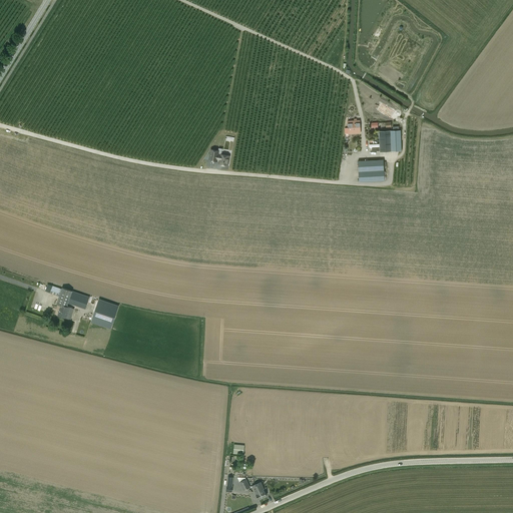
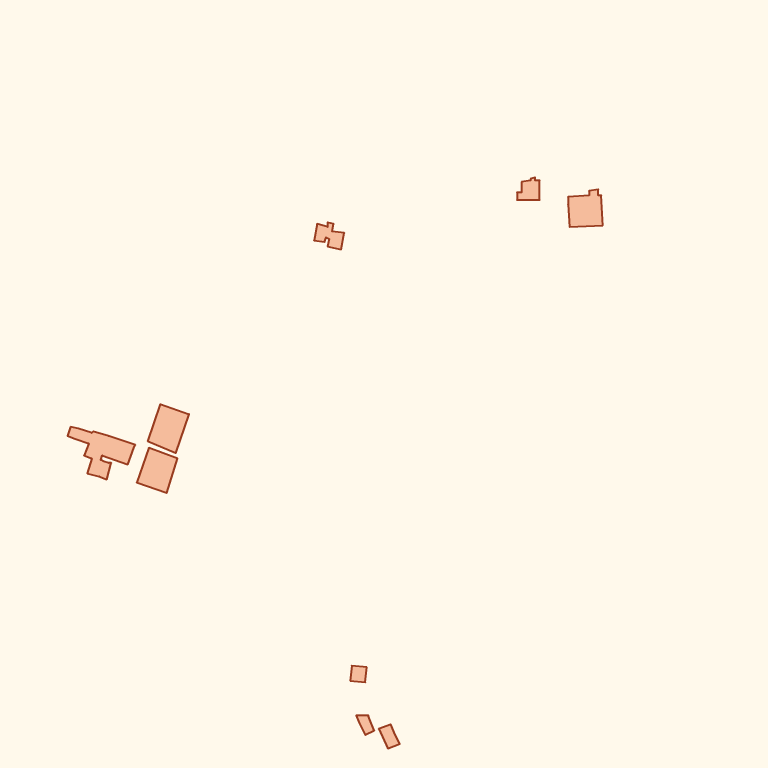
building: [358,159,386,182] -> none
building: none -> [148,404,189,453]

